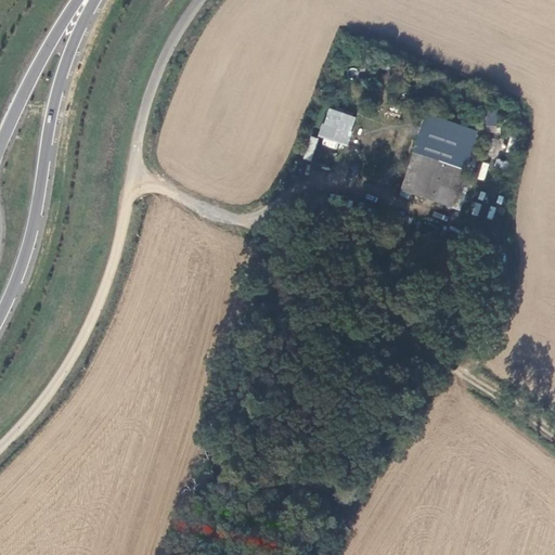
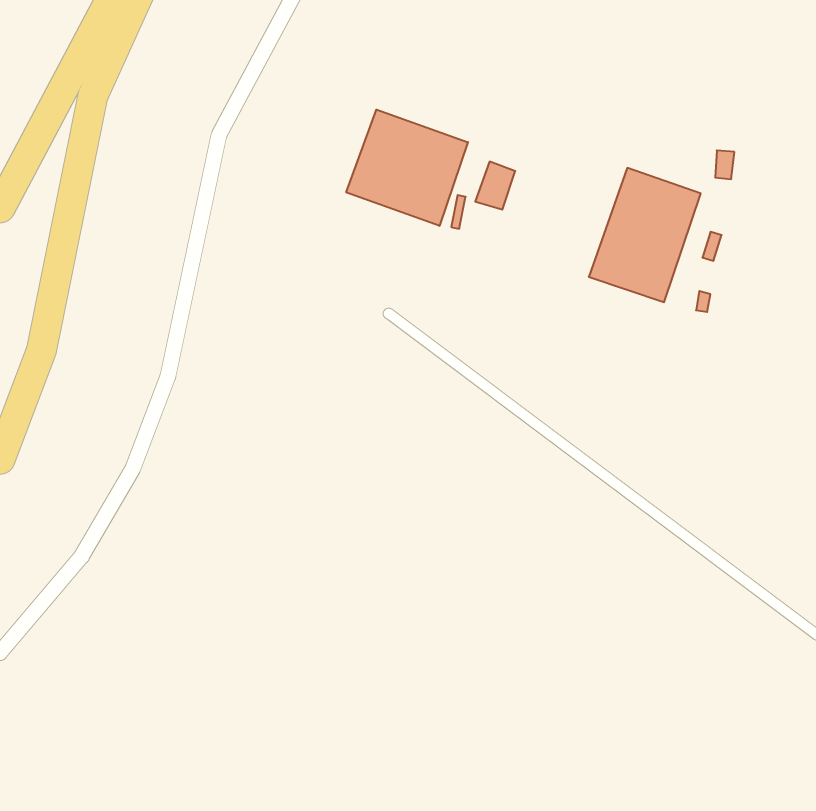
building: none -> [346,110,468,226]

